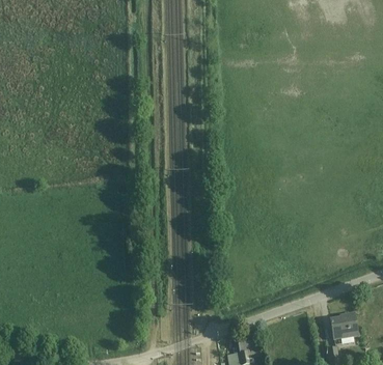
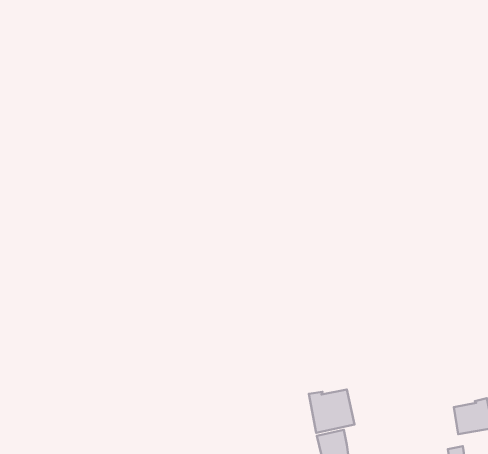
building: none -> [309,390,355,433]

